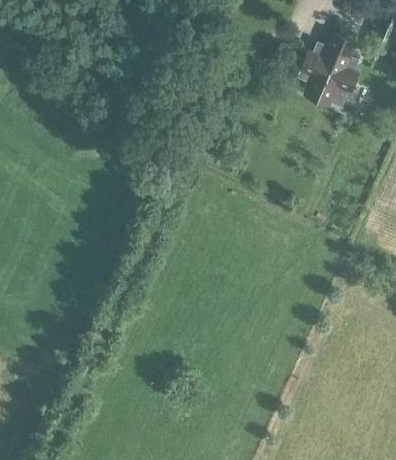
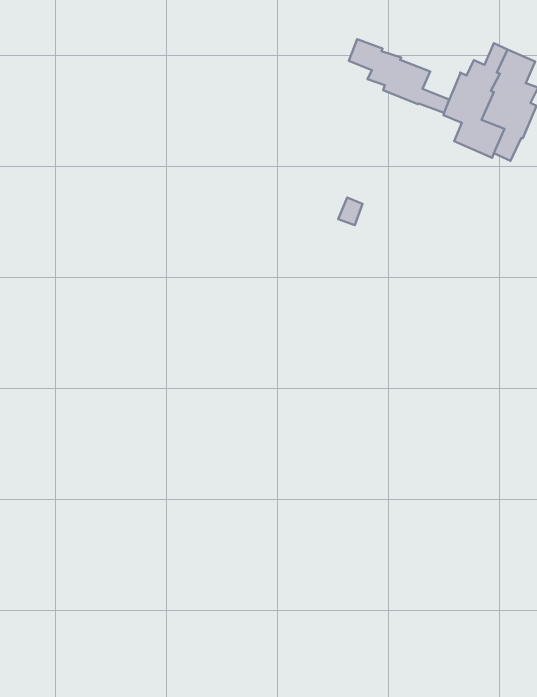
building: none -> [349,39,449,113]

